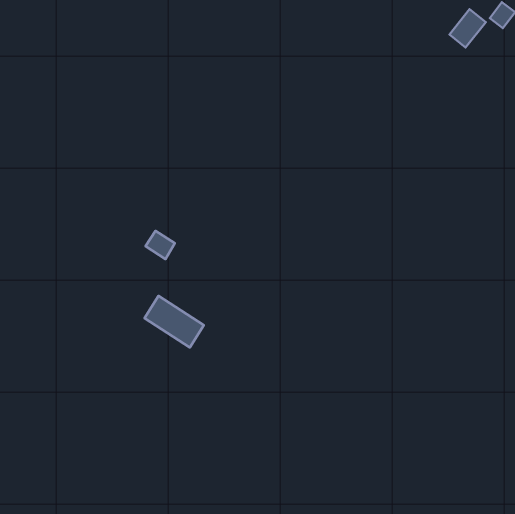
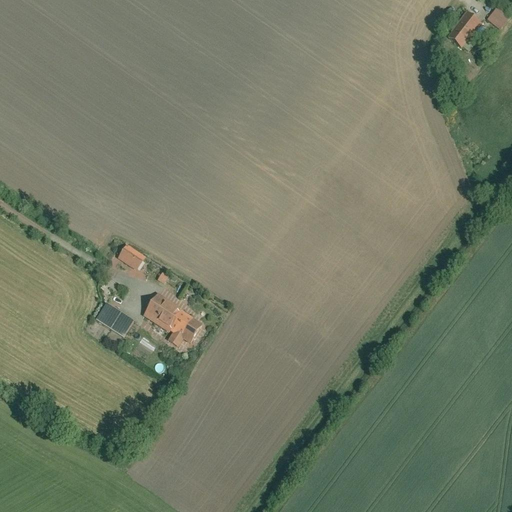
building: [145,231,175,259] -> [117,242,146,270]
building: none -> [95,301,134,336]

